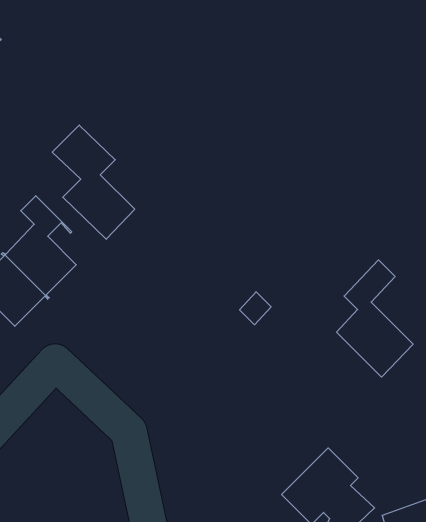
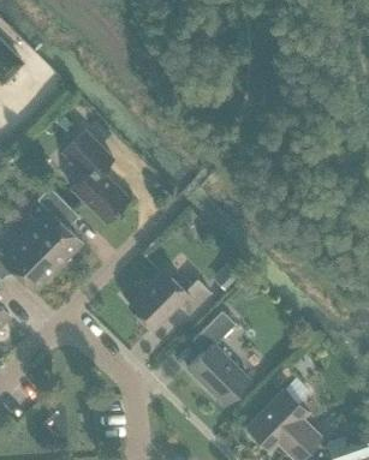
building: [337,260,413,377] -> [188,311,249,405]
building: none -> [130,271,210,328]

